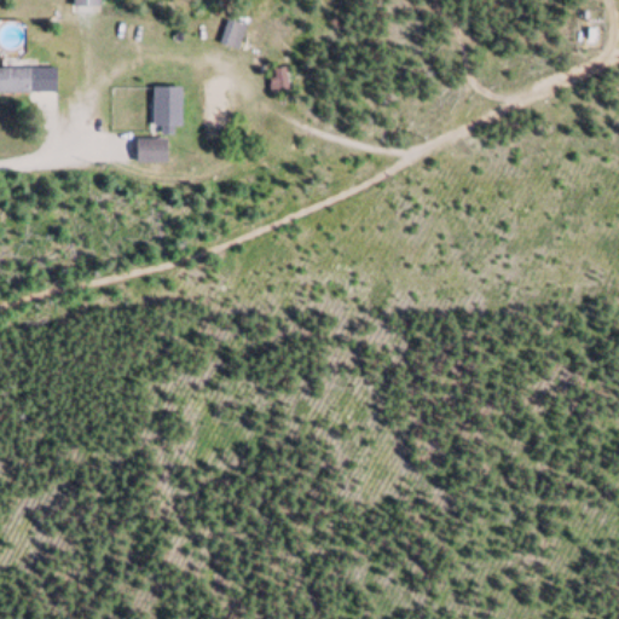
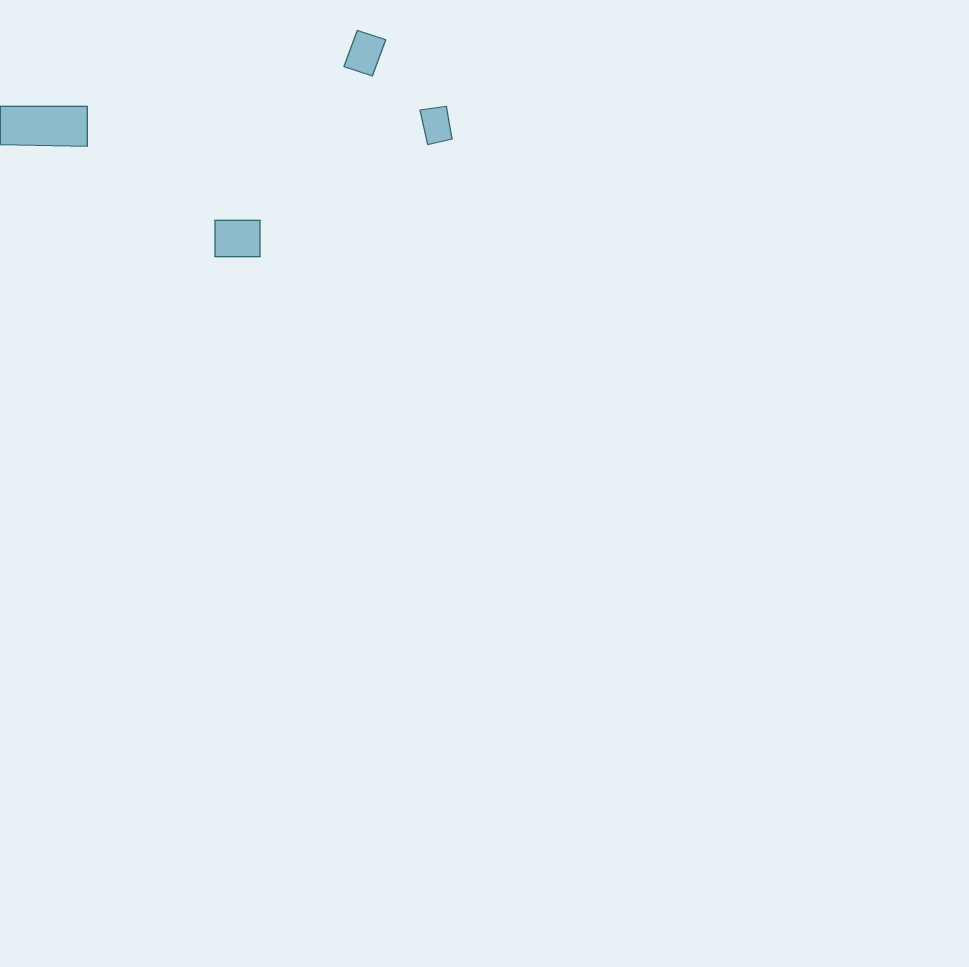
building: [154,87,181,127] -> none

